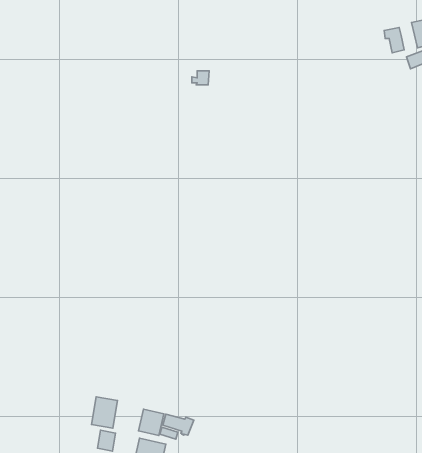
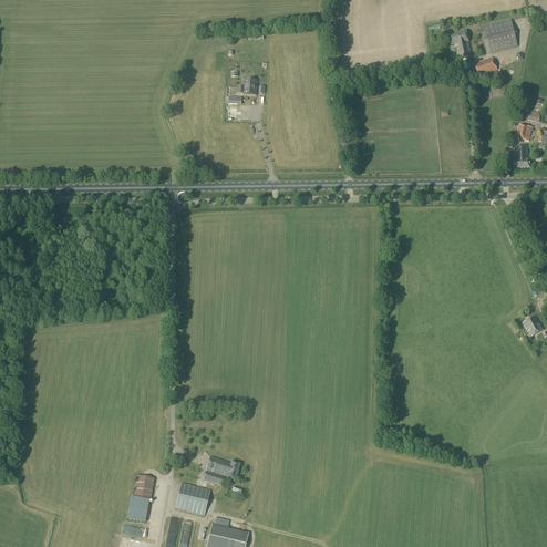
building: [92,397,117,428] -> none
building: [139,409,164,436] -> none

